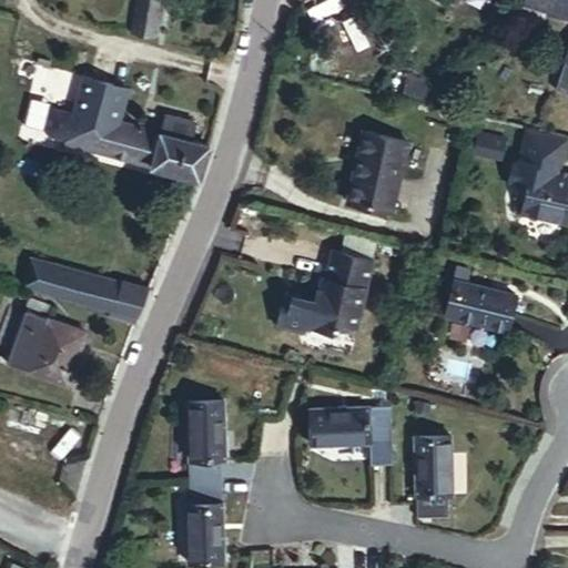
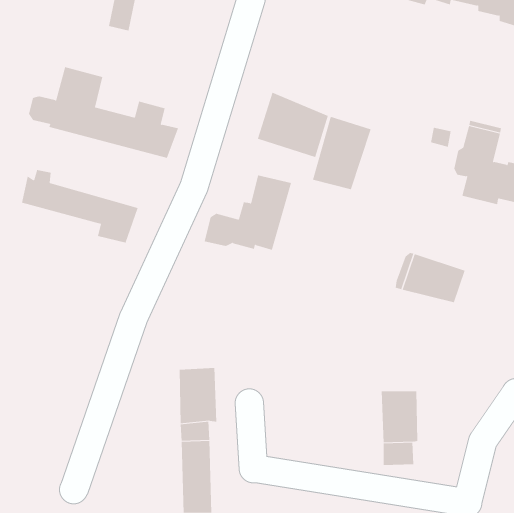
building: none -> [257,92,329,158]
building: [268,248,365,332] -> [204,175,292,250]
building: [12,250,141,331] -> [21,170,138,243]
building: [12,321,73,390] -> none
building: [316,405,397,462] -> none

